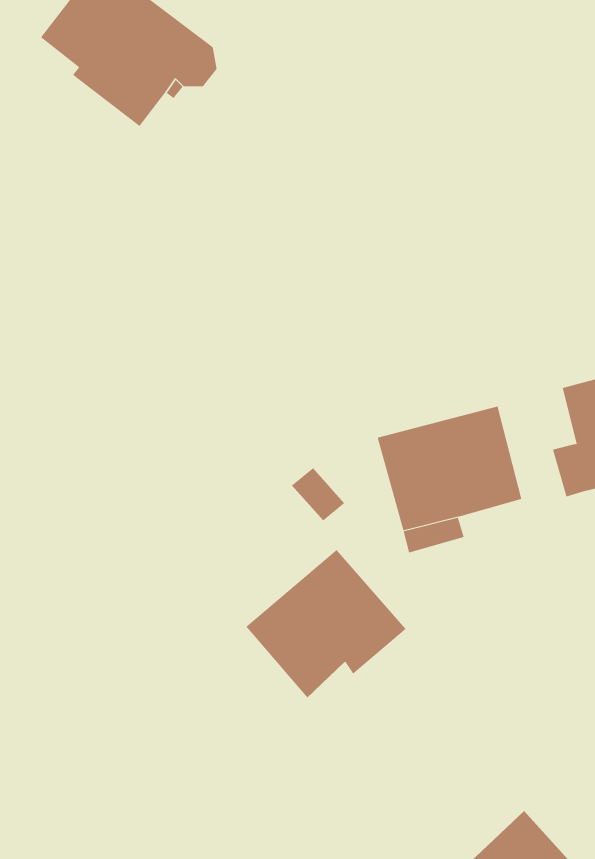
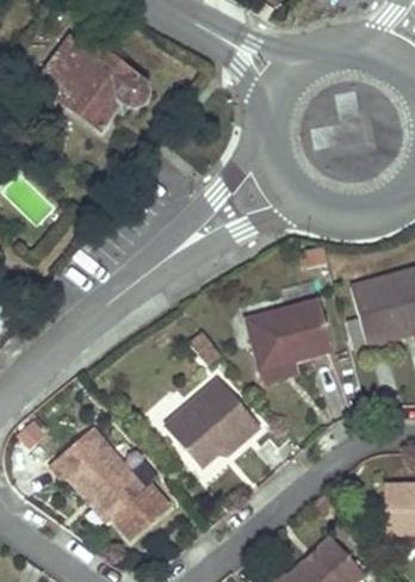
building: none -> [49,428,172,543]

